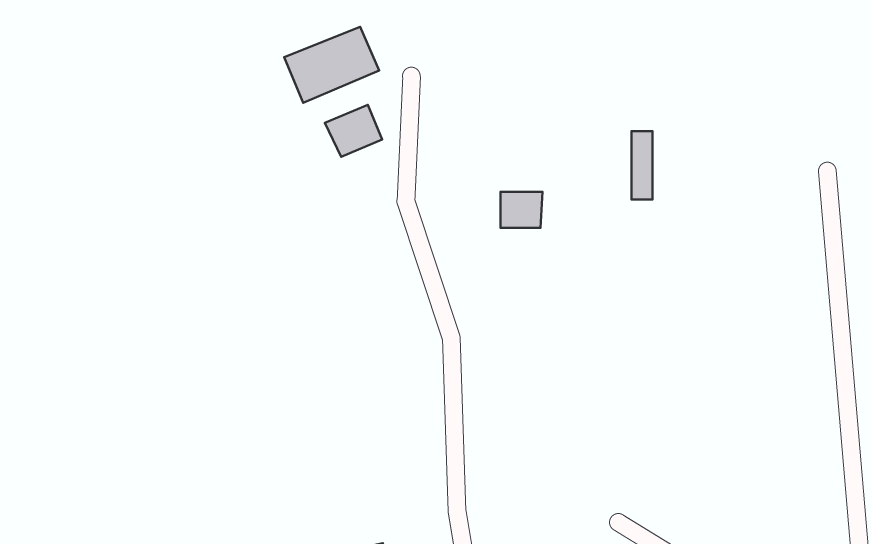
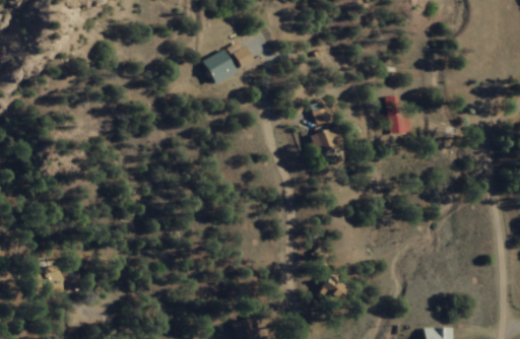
building: [325,105,382,157] -> none

